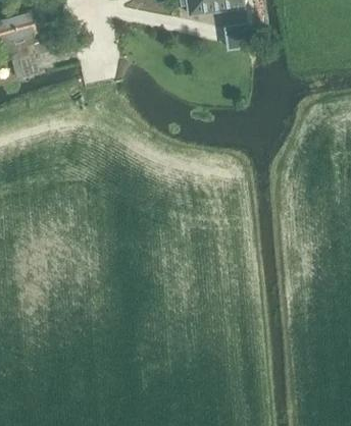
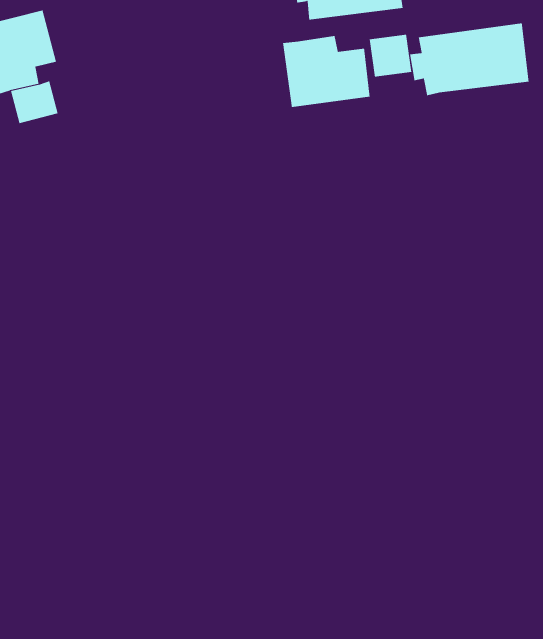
building: none -> [410,22,529,96]
building: none -> [283,35,370,108]

